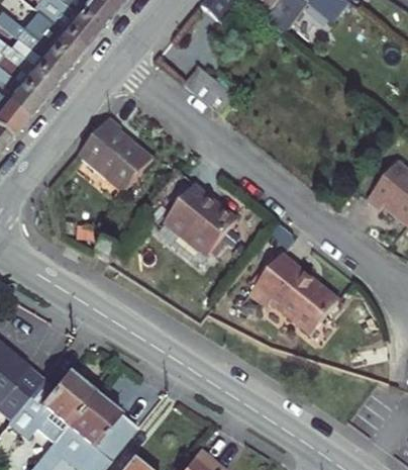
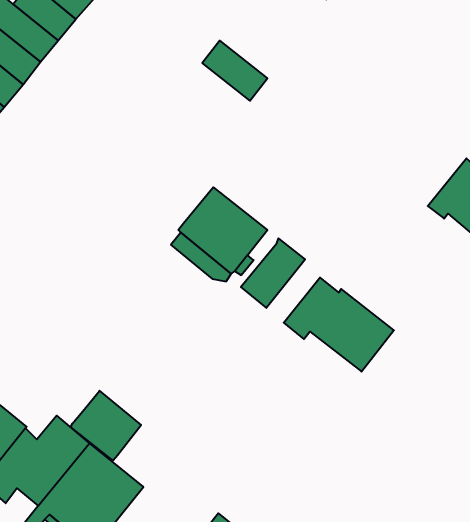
building: [79,115,154,190] -> none
building: none -> [241,238,305,308]
building: none -> [71,391,141,460]

